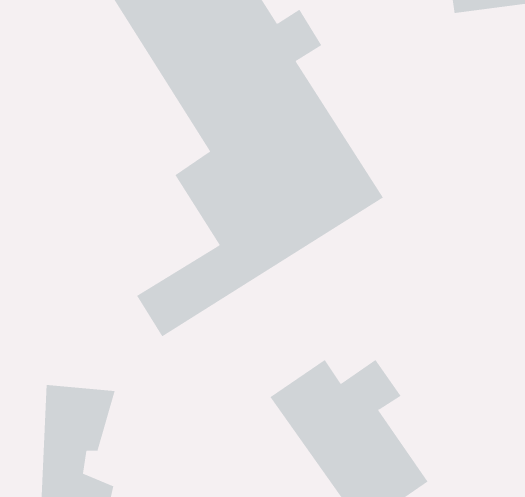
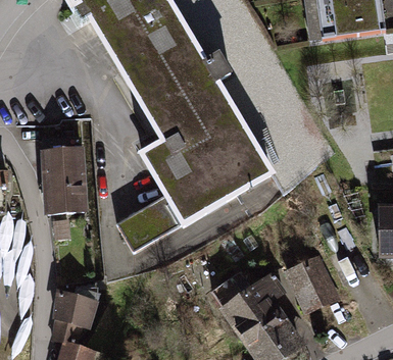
building: none -> [41,144,91,211]
building: none -> [283,253,340,316]

